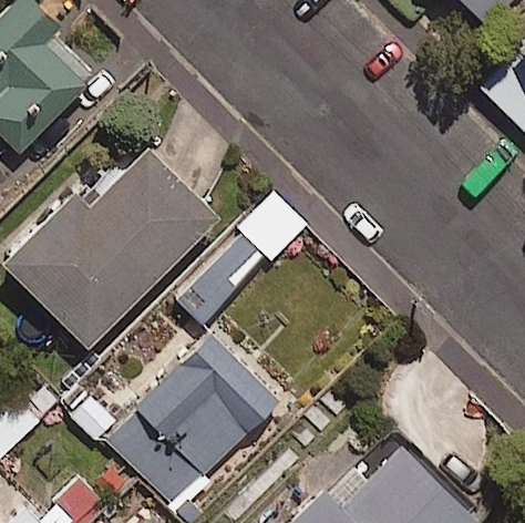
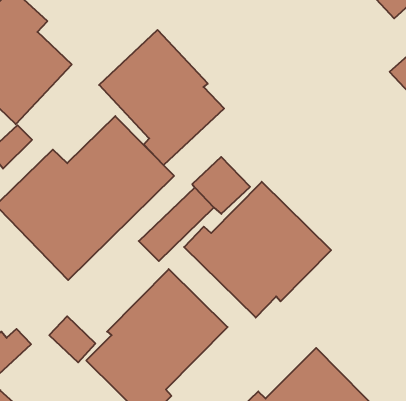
building: none -> [99,30,224,165]
building: none -> [184,182,331,318]

